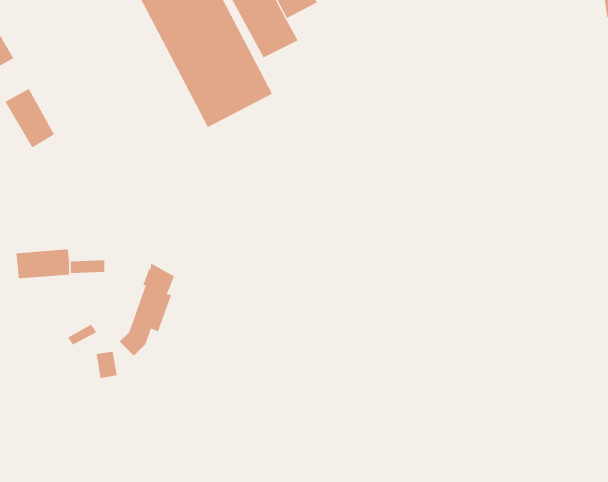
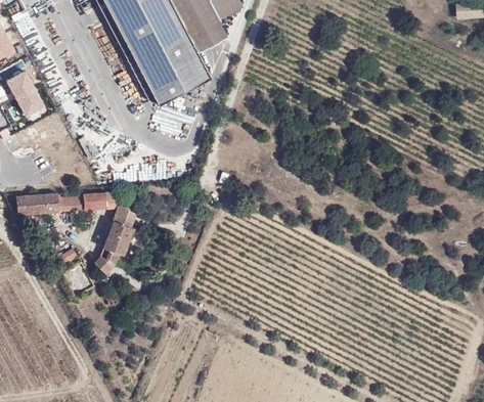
building: none -> [82,192,117,211]

